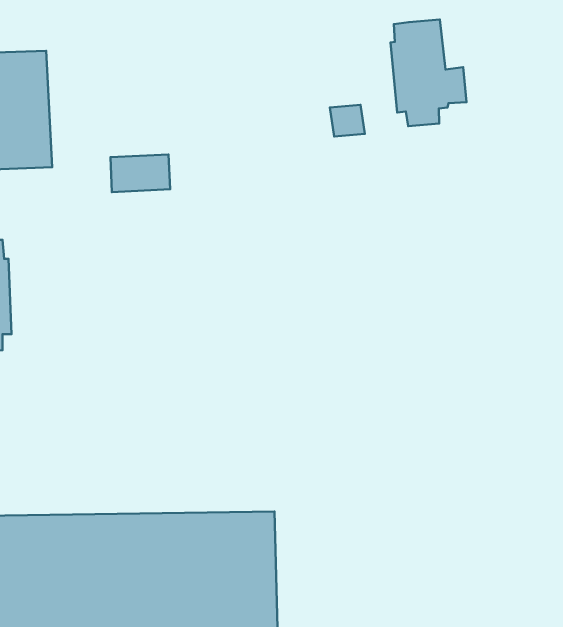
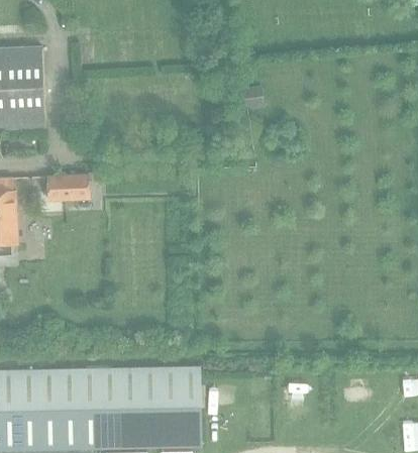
building: [390,19,467,126] -> none
building: [110,154,170,192] -> [47,175,89,201]

